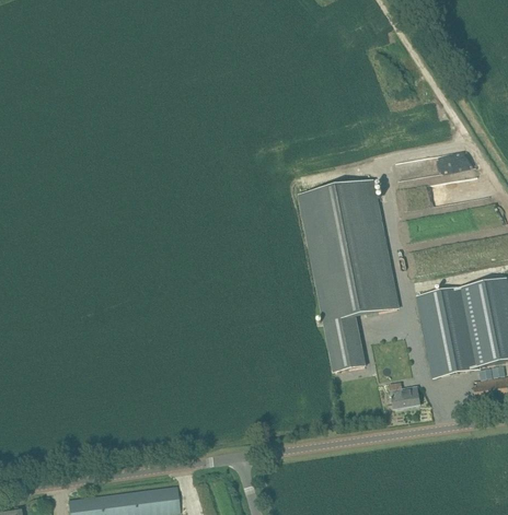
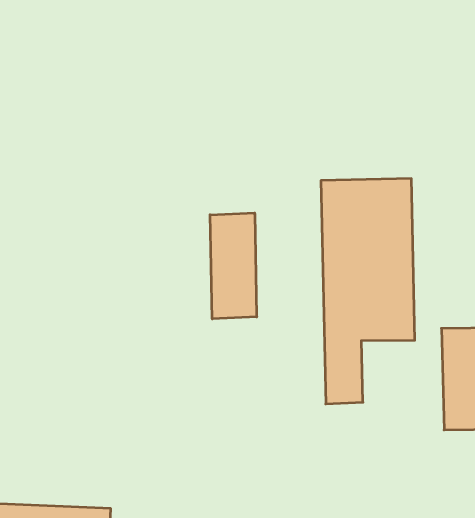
building: none -> [210,213,257,319]
building: [391,386,420,408] -> none

